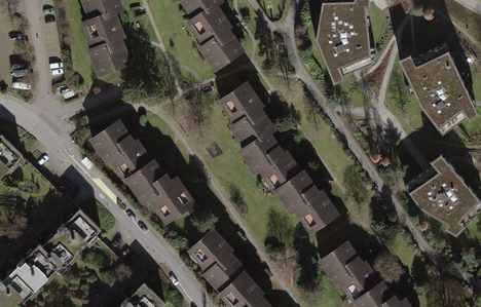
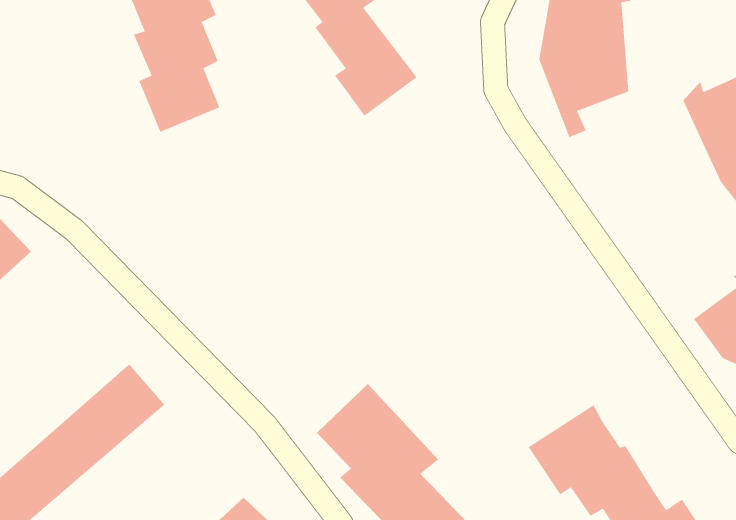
building: [211,78,336,233] -> none
building: [84,111,195,220] -> none

